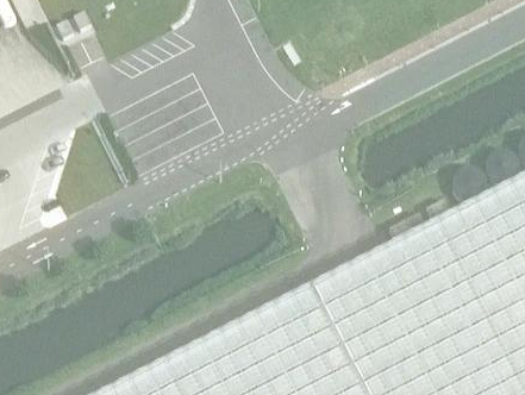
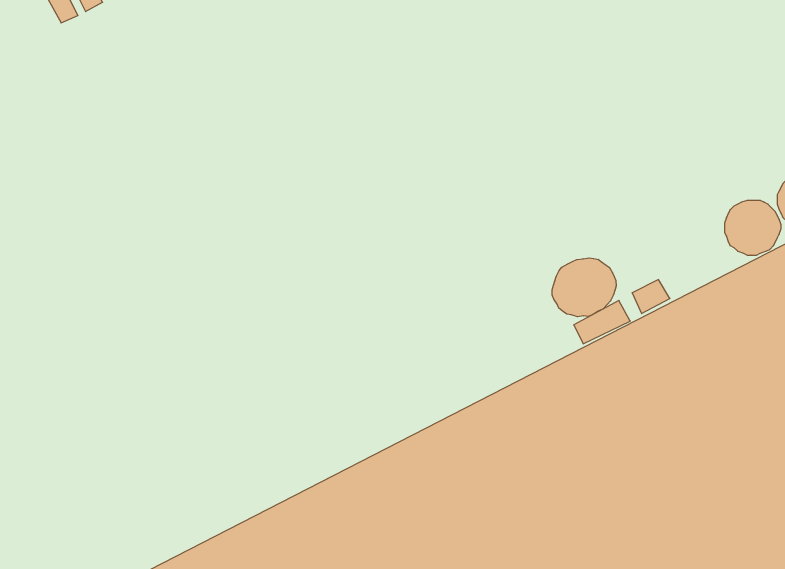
building: [452,171,487,207] -> none
building: none -> [552,258,616,317]

